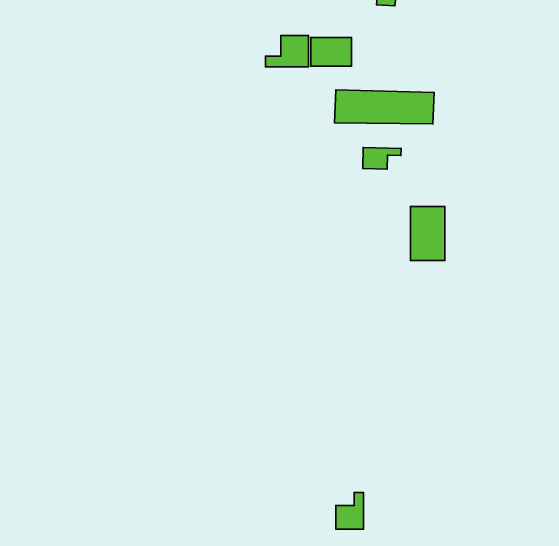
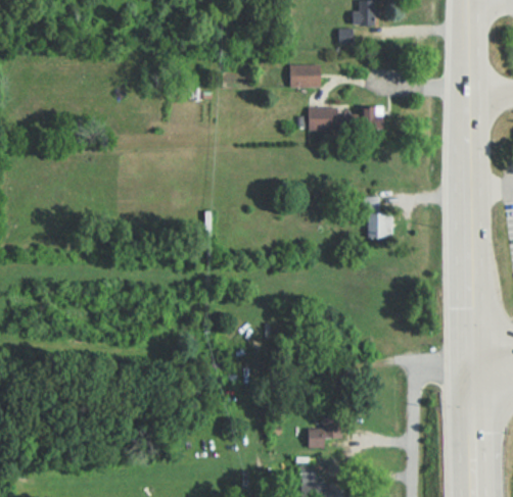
building: [266,35,309,67] -> none
building: [363,147,401,169] -> none

